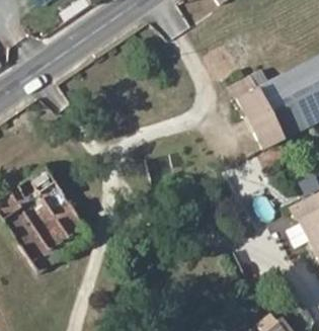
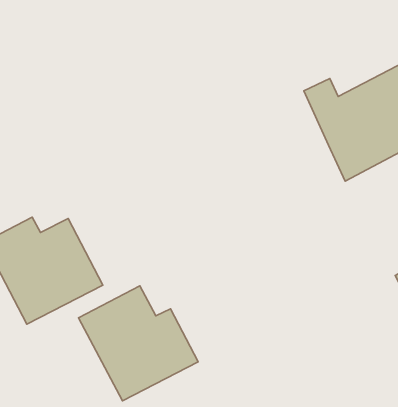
building: none -> [79,286,198,401]

